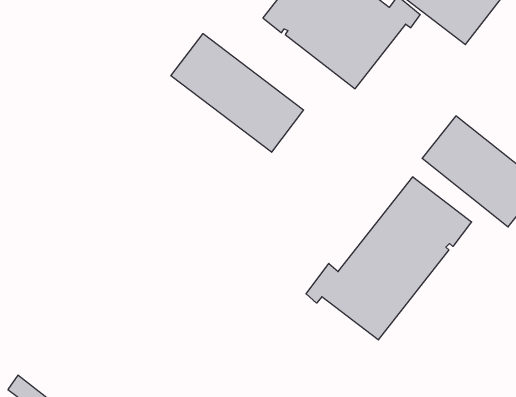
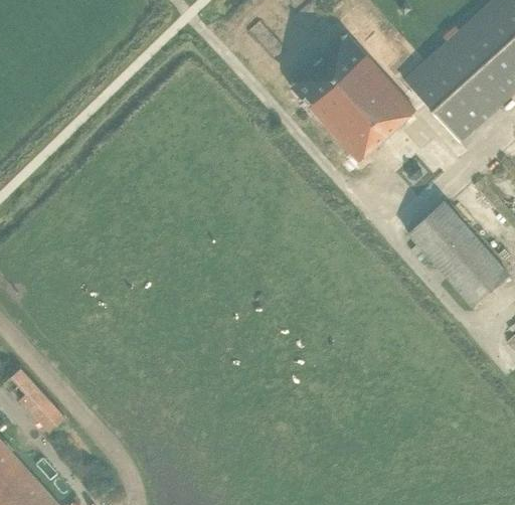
building: [171,34,304,152] -> none
building: [306,177,472,340] -> none

